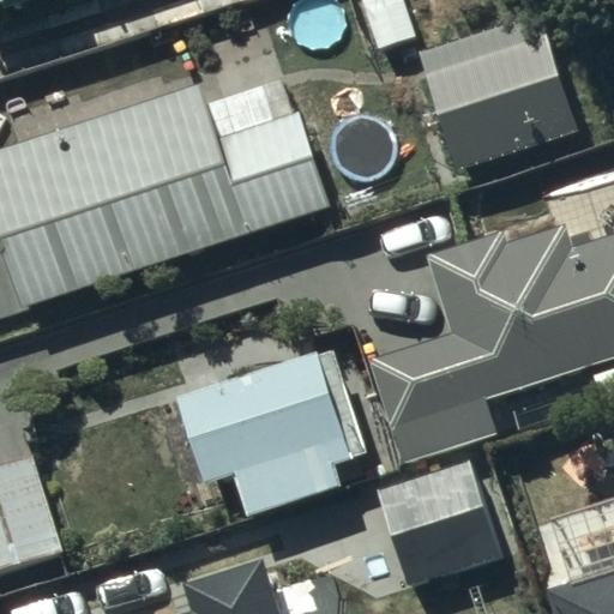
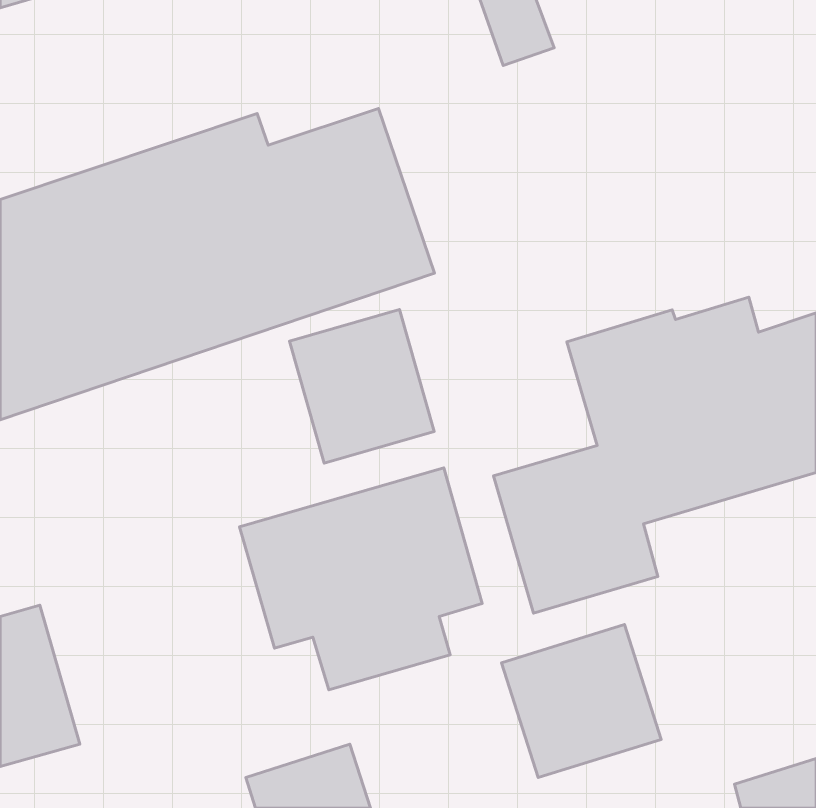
building: [417,14,576,167] -> none
building: none -> [290,309,434,463]

